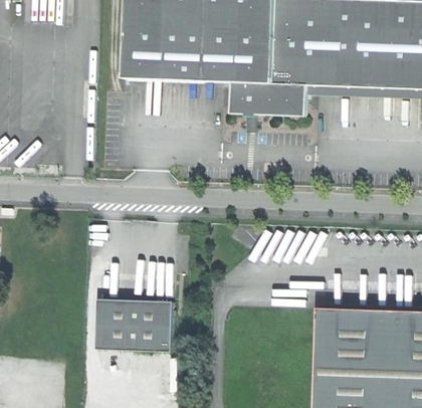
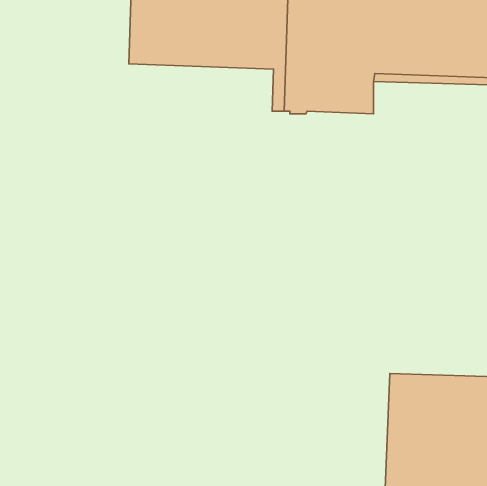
building: [91,297,169,351] -> none

